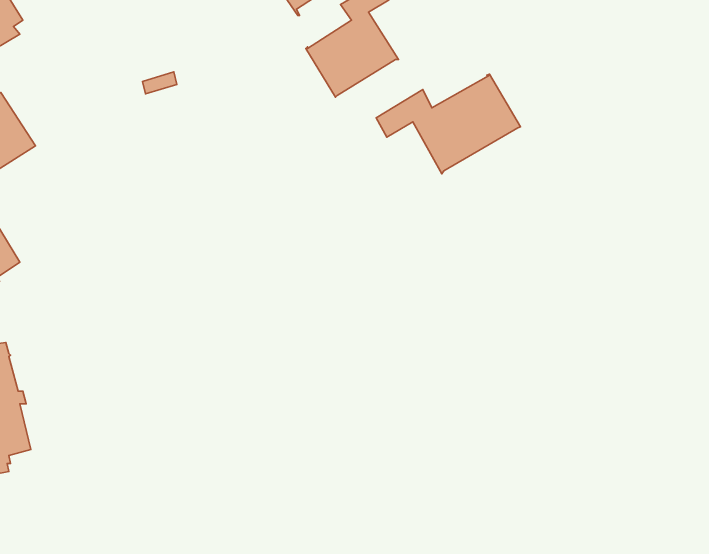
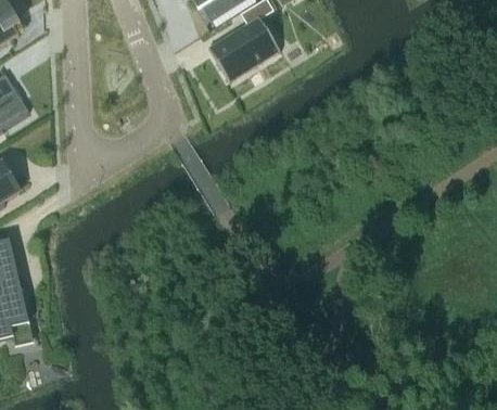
building: [376,74,520,174] -> none

